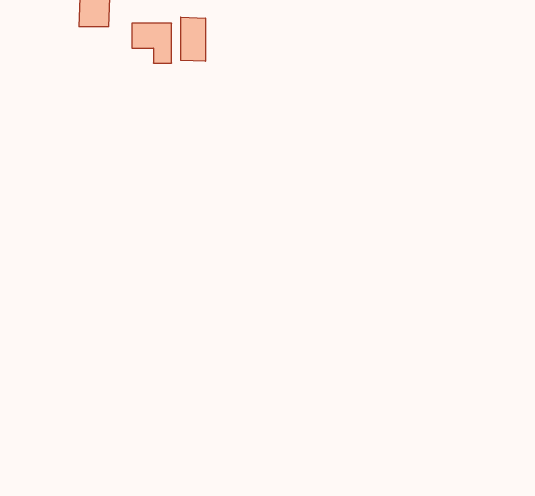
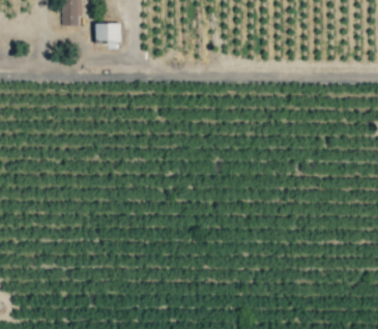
building: [181,17,205,61] -> none

